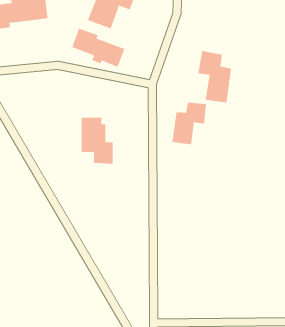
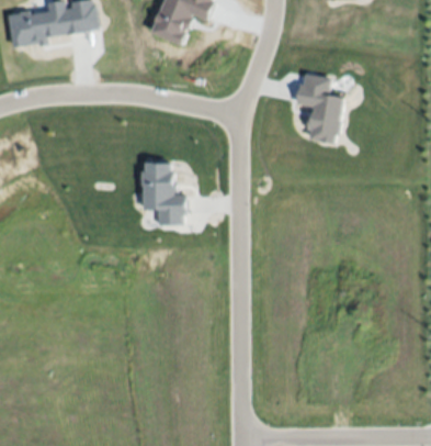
building: [71,28,125,68] -> none
building: [172,102,207,145] -> none

